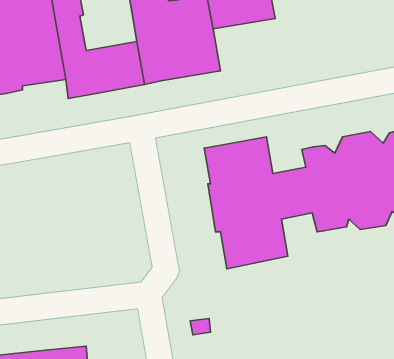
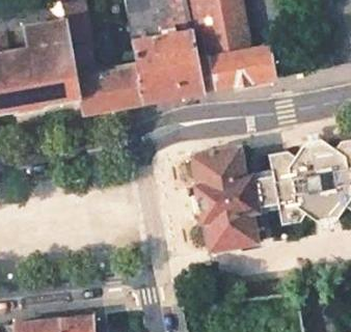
building: none -> [198,46,277,91]

